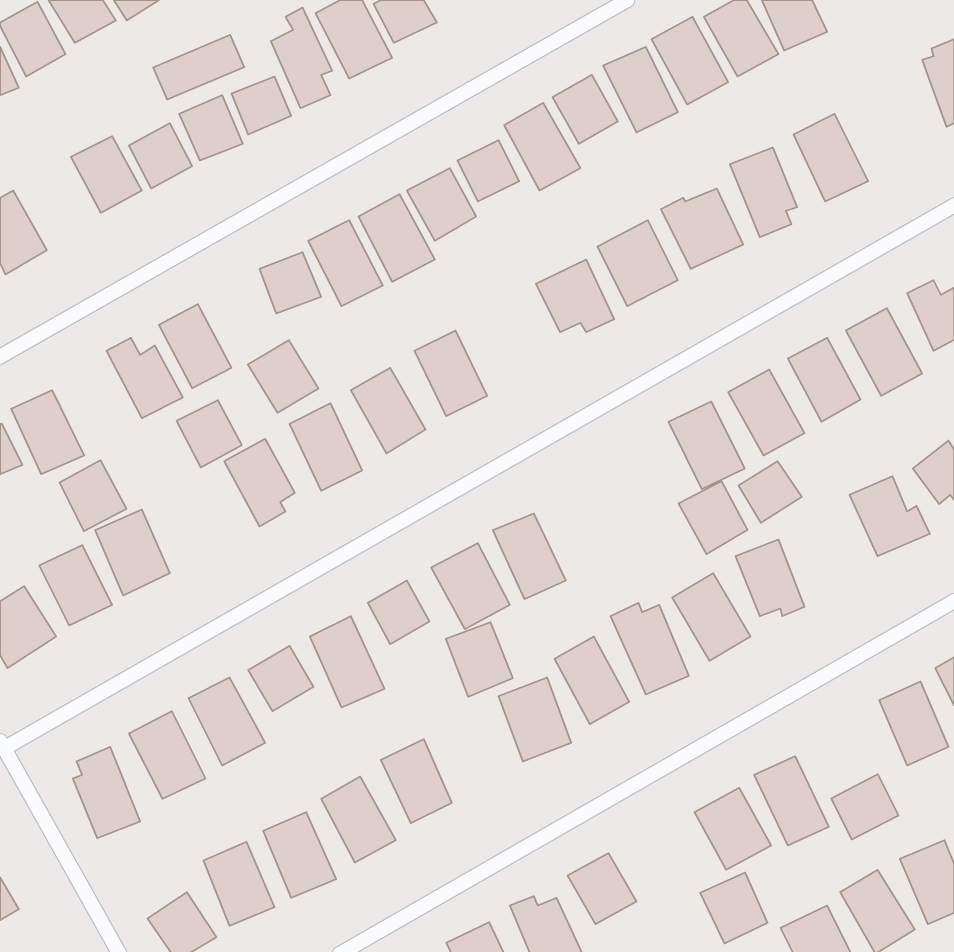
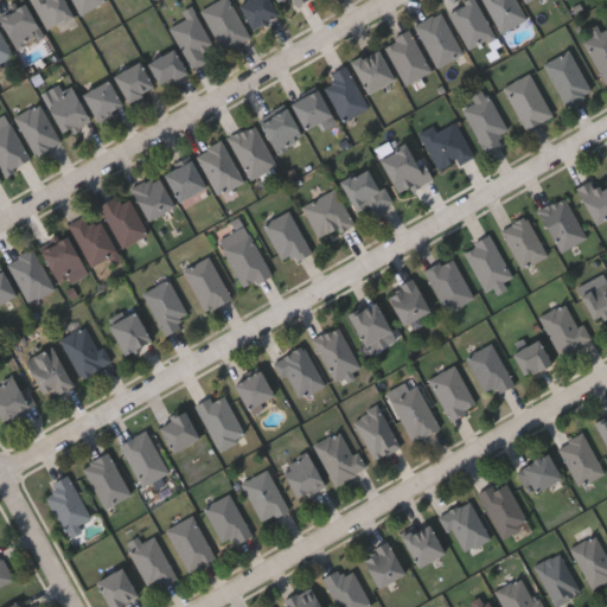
building: [153,35,244,100] -> none
building: none -> [543,50,590,107]
building: none -> [13,104,60,156]
building: none -> [302,190,352,241]
building: [248,340,319,413] -> [129,174,174,221]
building: [177,400,242,467] -> [108,312,149,354]
building: [59,460,127,531] -> [40,236,83,281]
building: [738,461,802,523] -> [511,339,551,378]
building: none -> [347,301,390,345]
building: [678,481,748,554] -> [385,279,429,325]
building: [446,622,513,697] -> [281,454,324,501]
building: [831,774,898,840] -> [517,454,560,496]
building: [700,872,767,943] -> [401,523,443,568]

